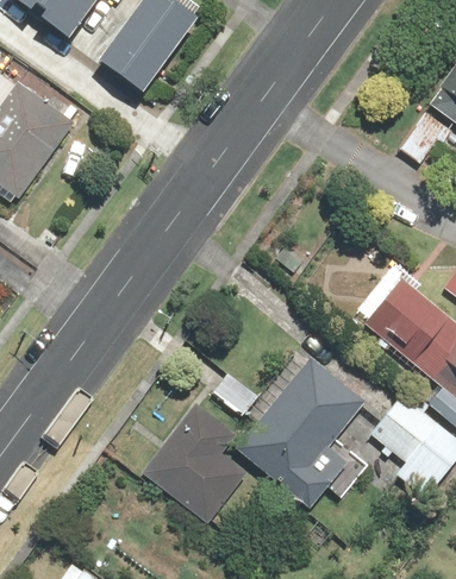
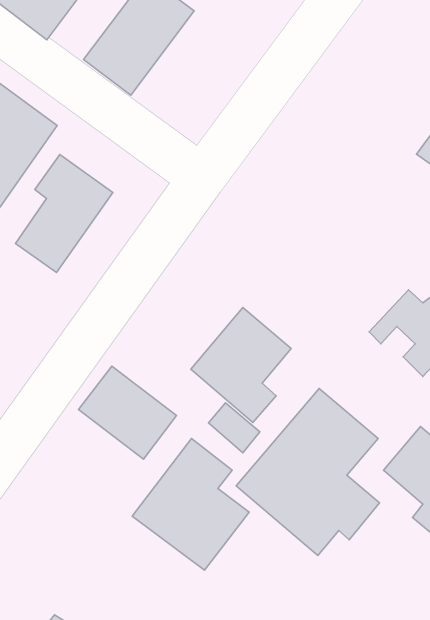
building: none -> [16,155,113,273]
building: none -> [191,307,291,423]
building: none -> [79,366,177,459]

